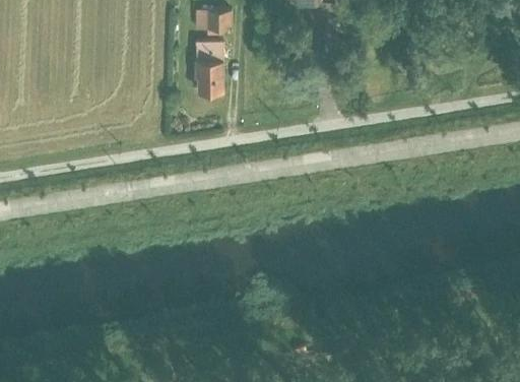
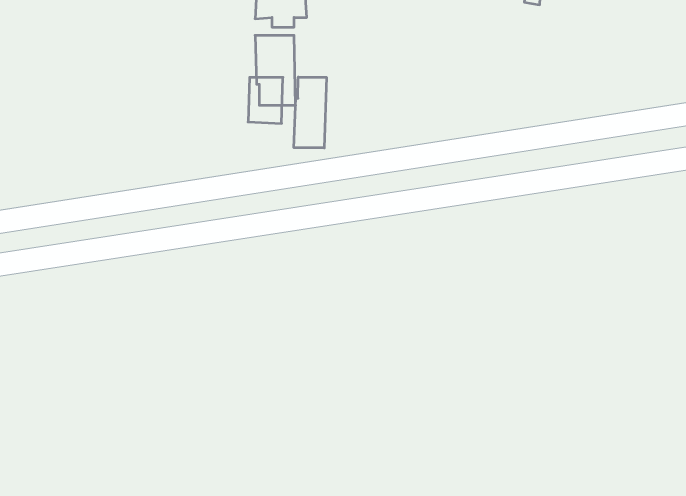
building: none -> [294,77,326,148]

